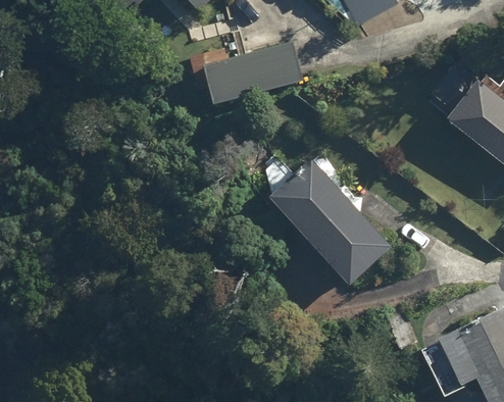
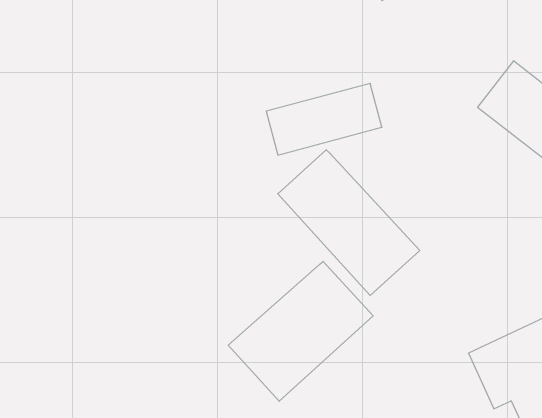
building: [201,40,303,103] -> [266,83,382,155]
building: none -> [228,261,373,401]

